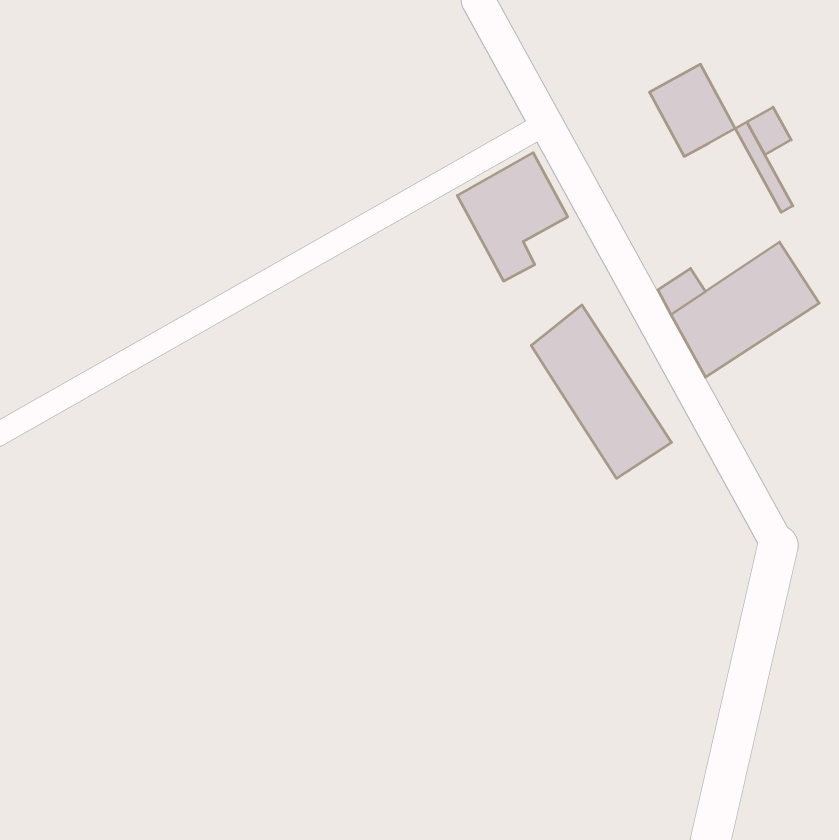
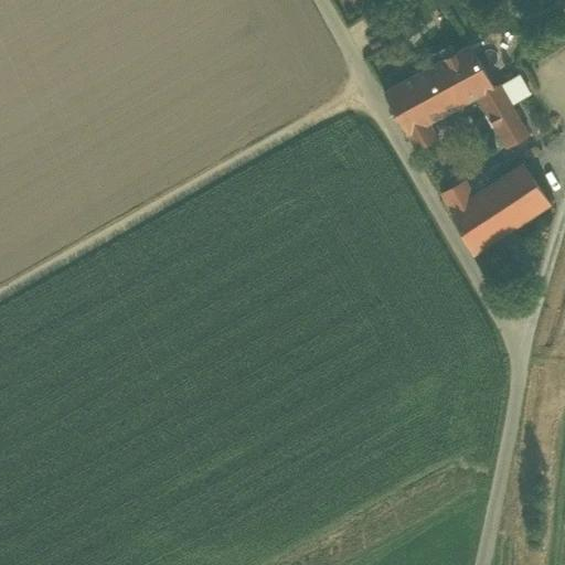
building: none -> [475,87,523,150]
building: [457,153,568,281] -> [384,63,458,149]
building: [531,305,672,478] -> none

